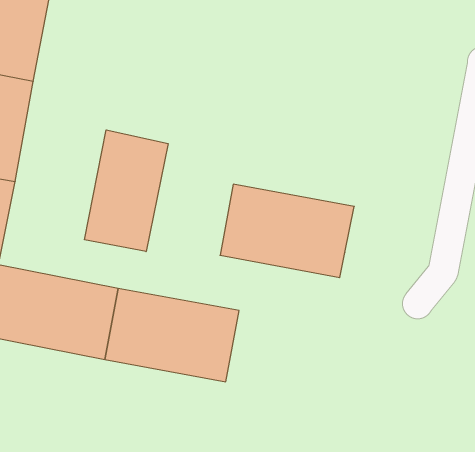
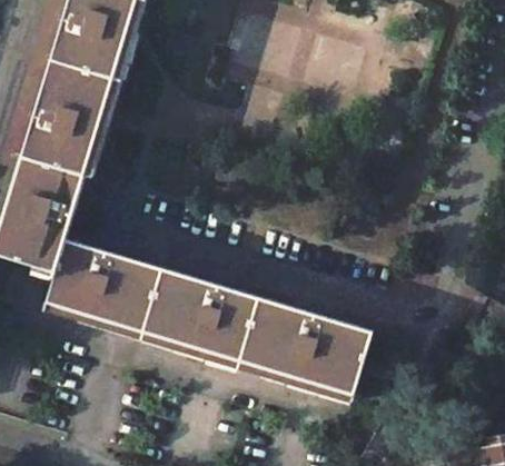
building: [85,130,168,252] -> none
building: [220,184,354,278] -> [248,301,368,391]

